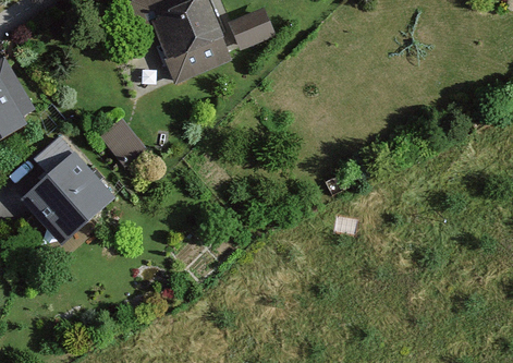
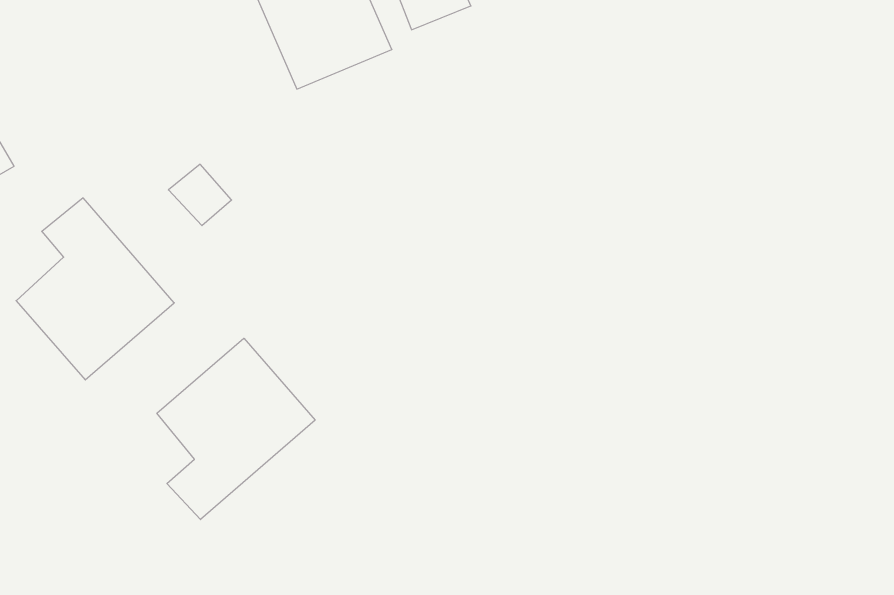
building: none -> [157,338,315,520]

